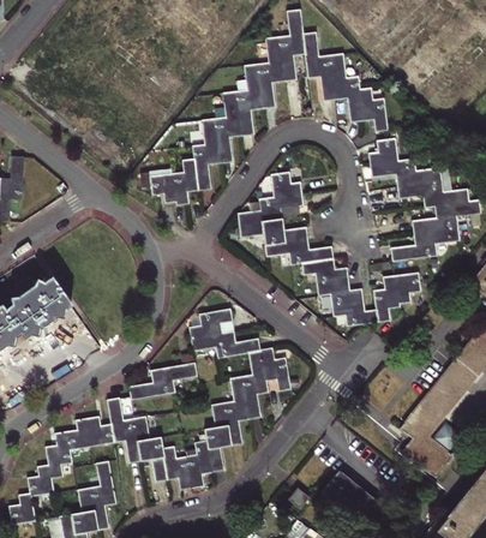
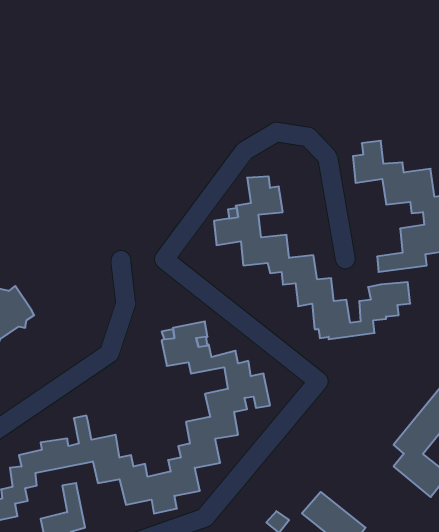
building: [149,11,389,204] -> none
building: [128,361,198,400] -> none

